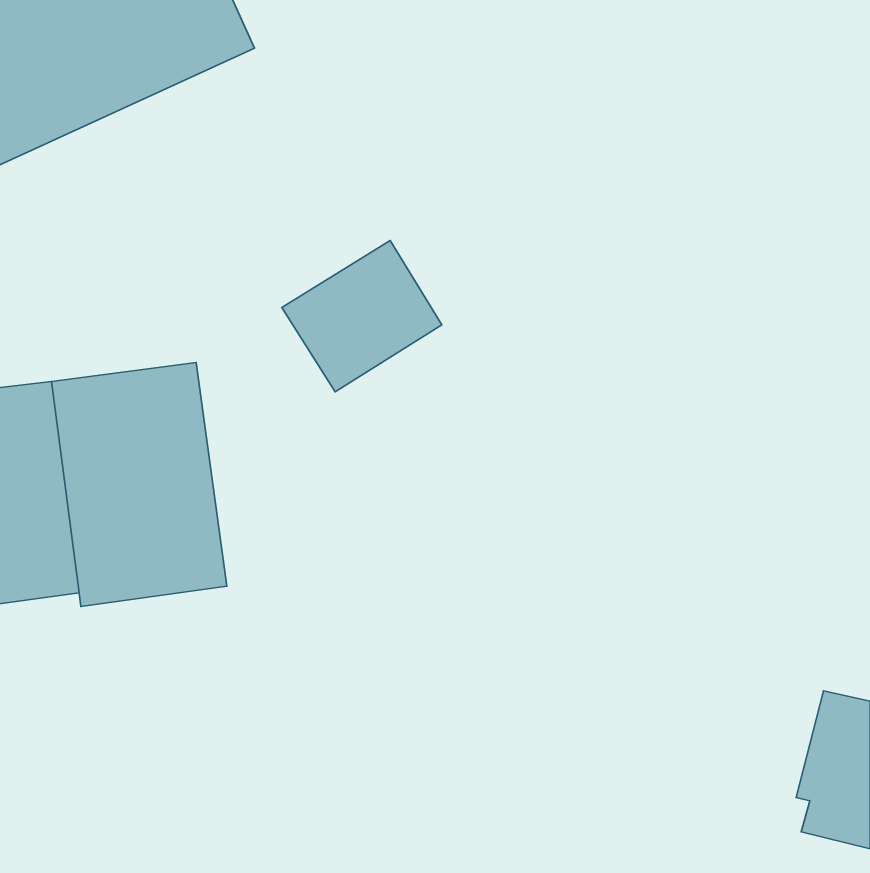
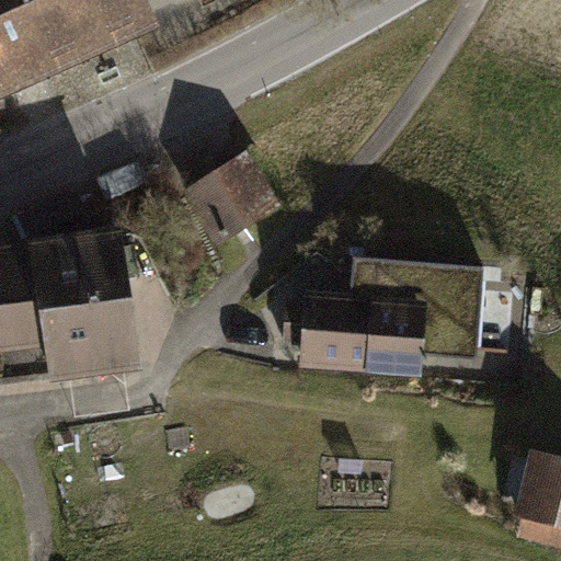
building: none -> [277,250,481,371]

